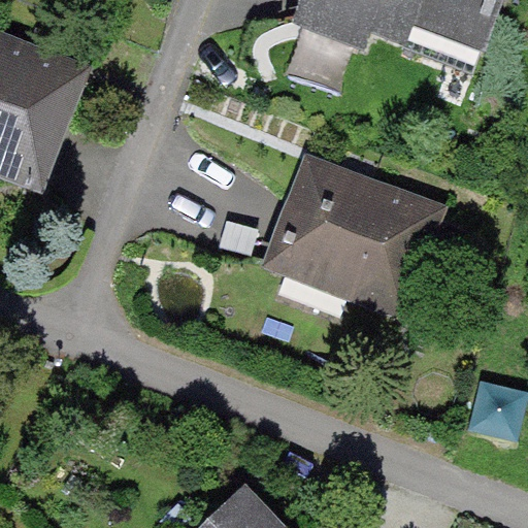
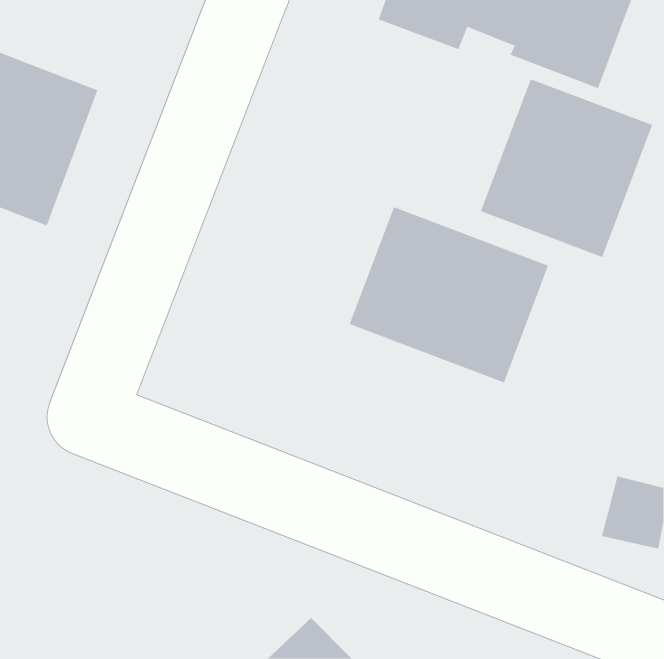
building: none -> [480,78,653,258]

